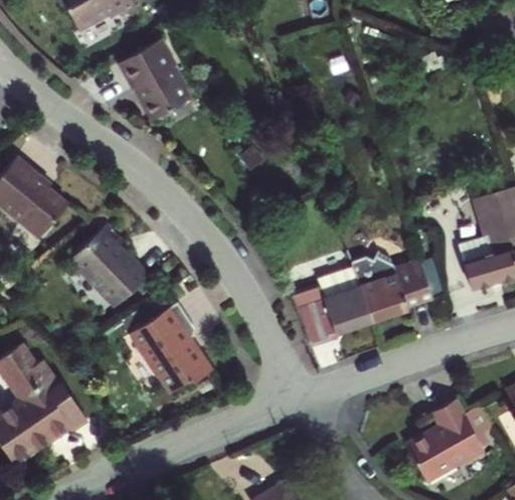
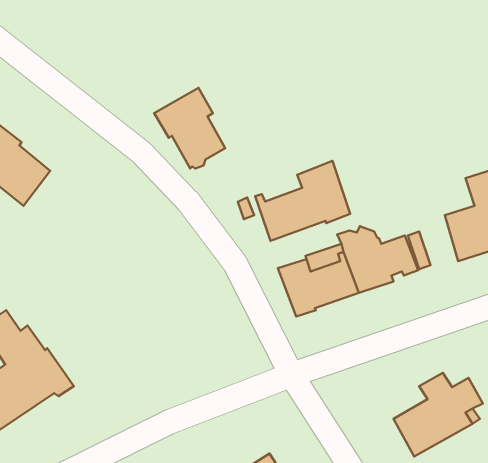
building: [119,43,188,123] -> [154,88,225,169]
building: none -> [255,161,350,241]
building: [71,223,149,305] -> none
building: [132,299,213,389] -> none

